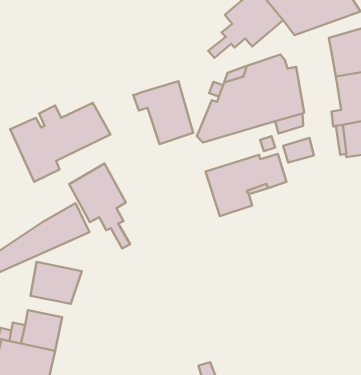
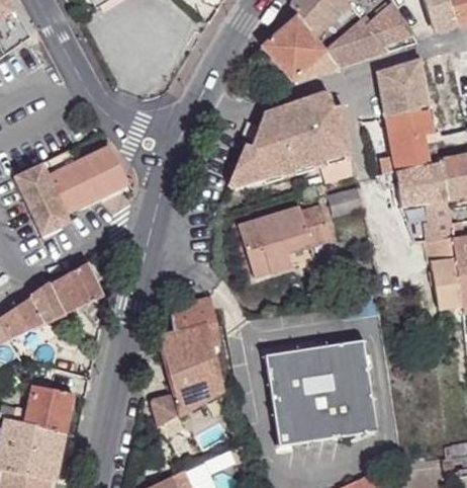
building: [133,81,193,144] -> none
building: [69,163,130,249] -> none
building: none -> [152,295,222,424]
building: [30,262,82,304] -> none
building: none -> [265,339,377,445]

